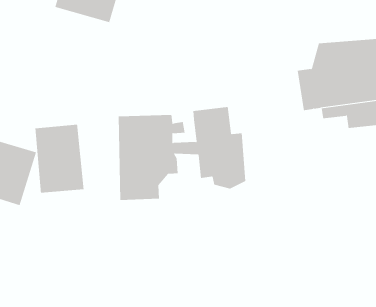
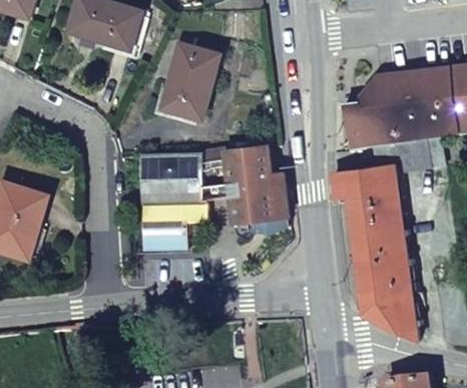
building: none -> [163,42,218,117]
building: [35,124,84,193] -> none
building: none -> [333,163,421,338]

